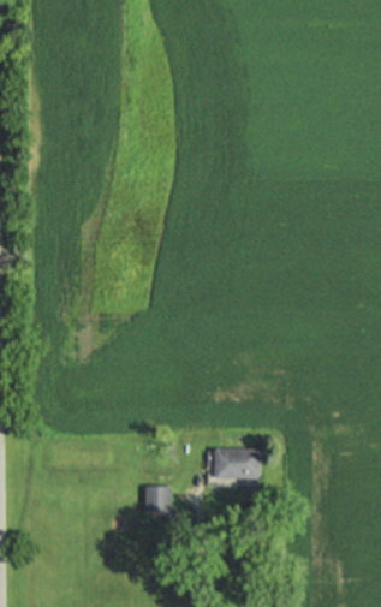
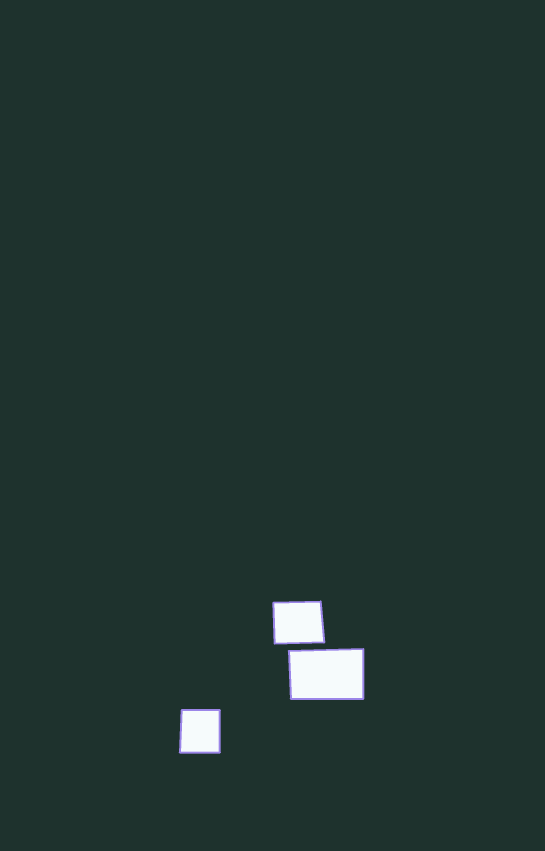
building: none -> [274,601,324,644]

